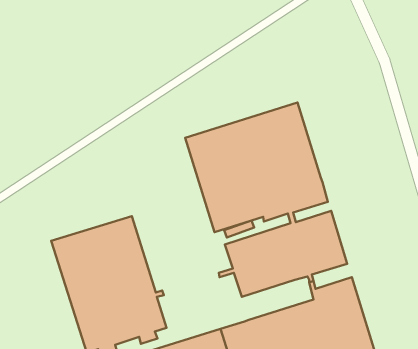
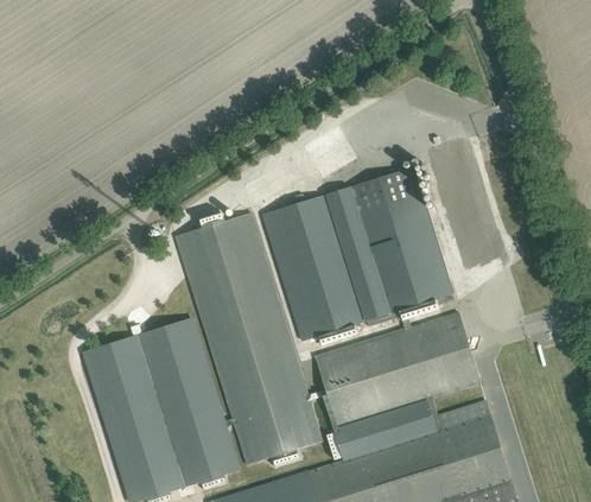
building: none -> [176,211,322,468]
building: none -> [325,400,434,460]

